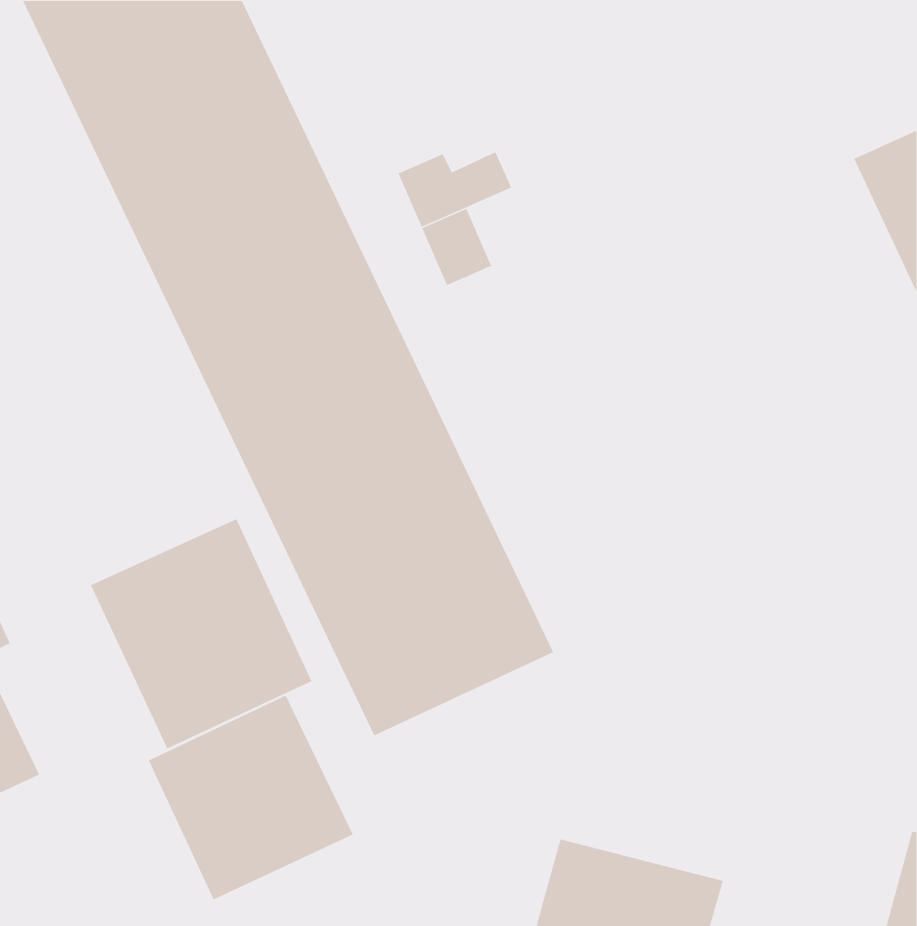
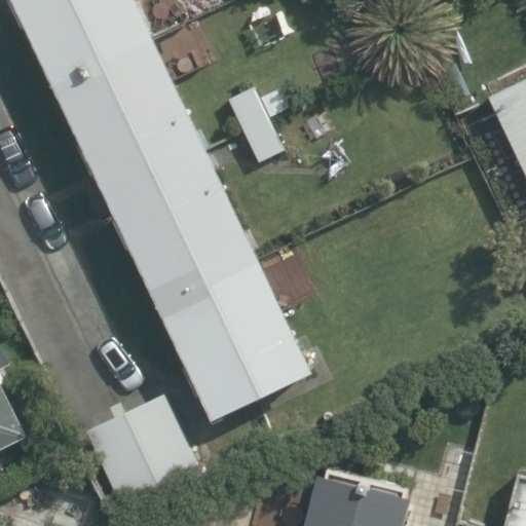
building: [90,518,312,749] -> none

